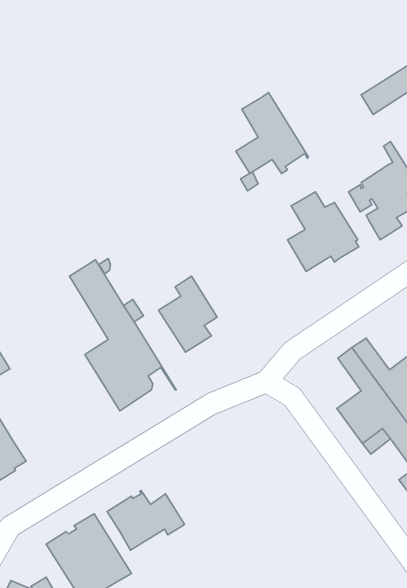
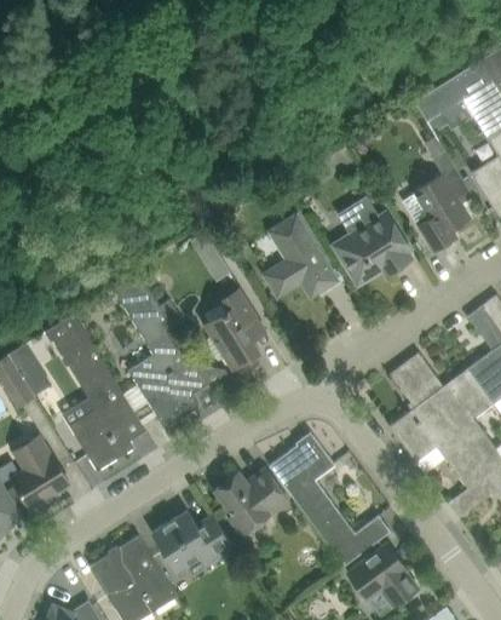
building: [236,93,308,173] -> [264,214,339,298]
building: none -> [47,314,144,471]
building: none -> [270,436,391,567]
building: none -> [215,470,289,535]
building: none -> [349,544,419,607]

